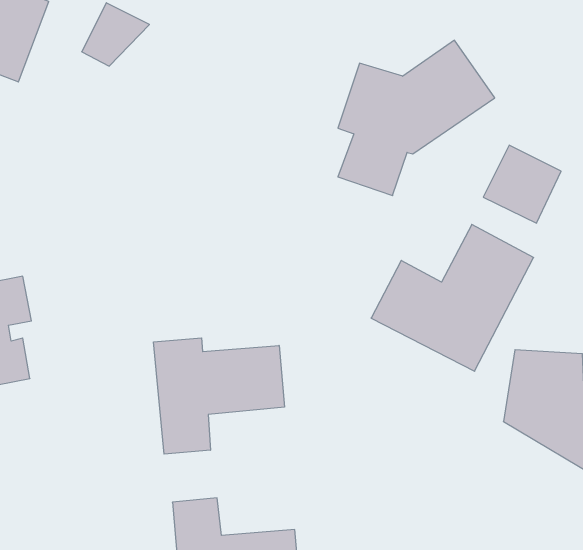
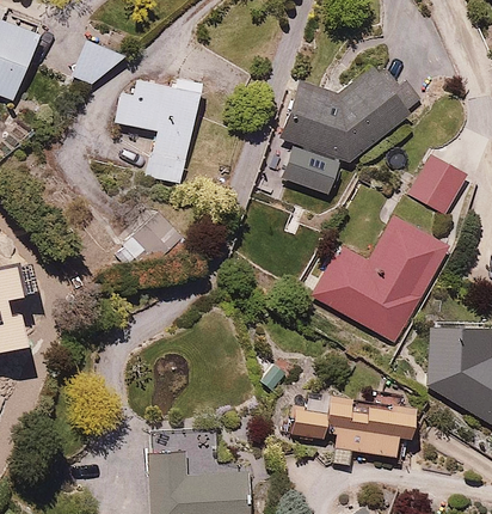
building: none -> [112,78,197,184]
building: [154,338,284,454] -> none
building: none -> [290,386,412,465]

